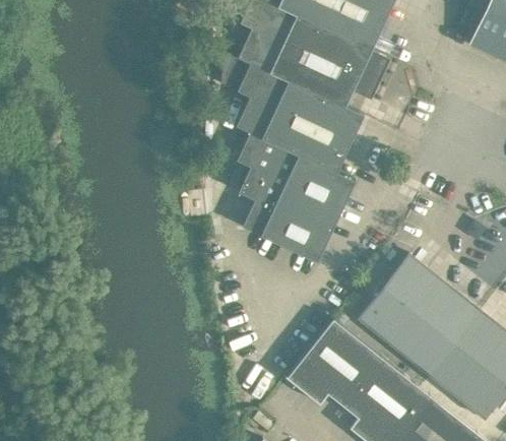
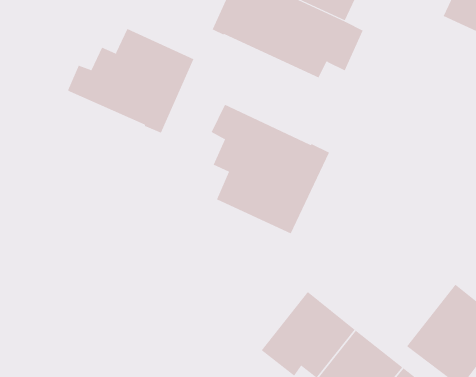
building: none -> [67,28,194,134]
building: [237,63,365,173] -> none
building: [360,255,482,374] -> none

